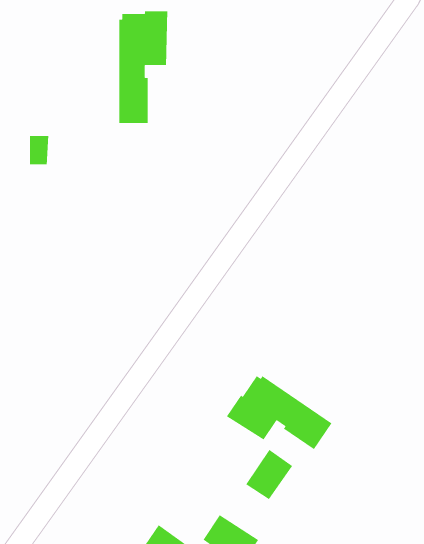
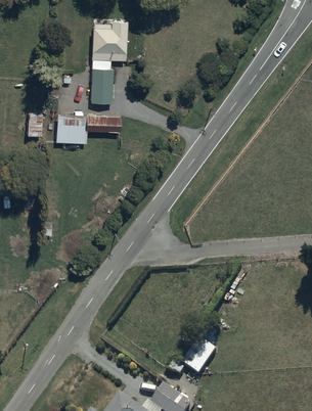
building: none -> [56,110,120,141]
building: [226,375,333,450] -> none

